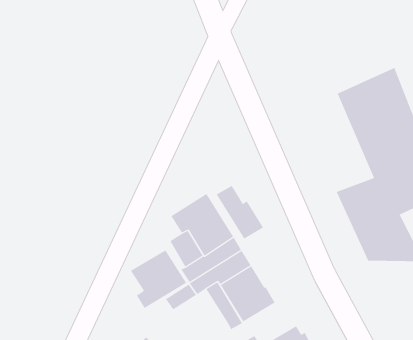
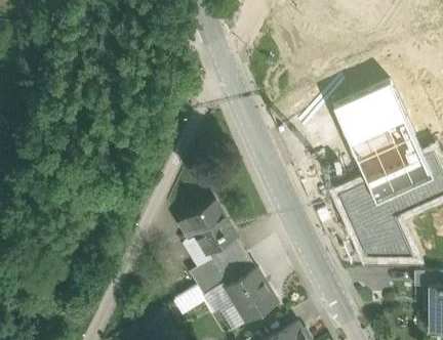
building: [216,185,264,240] -> none
building: [130,250,187,309] -> none

